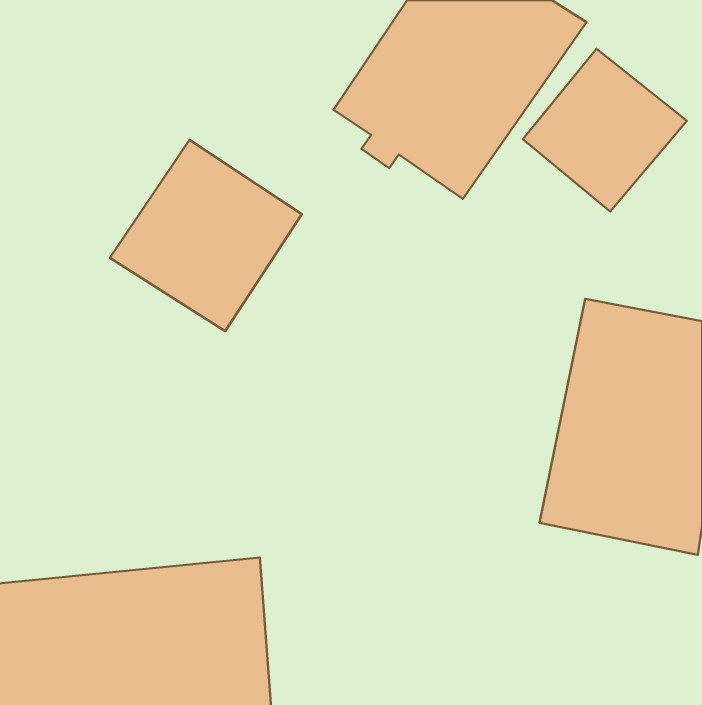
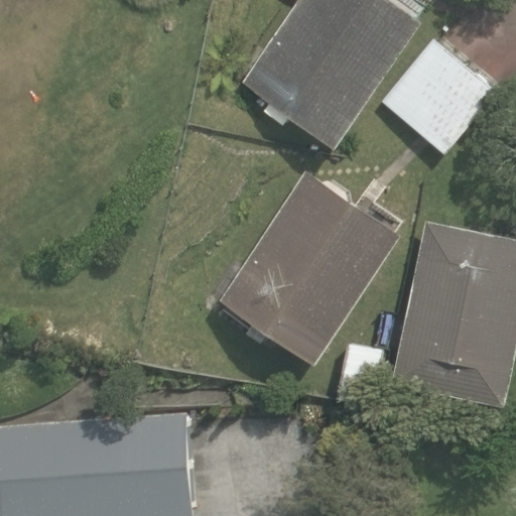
building: [110,140,302,331] -> none
building: none -> [218,168,404,365]

